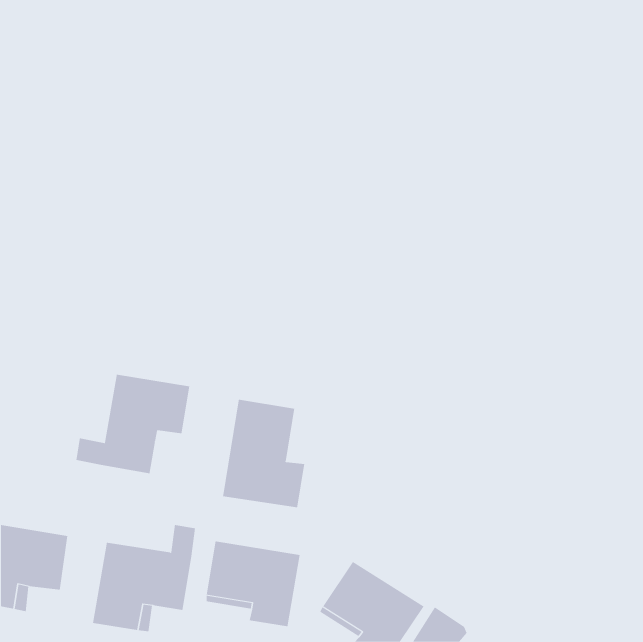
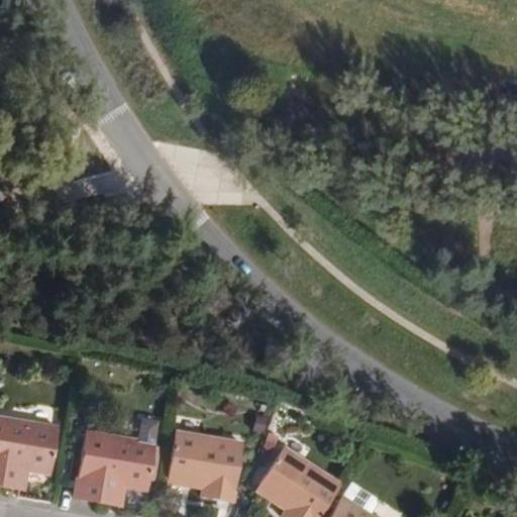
building: [76,374,190,474] -> none
building: [223,399,305,508] -> none

